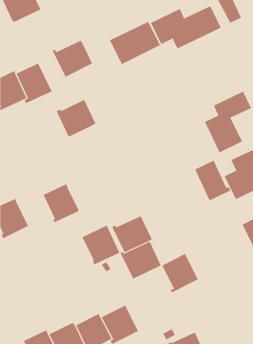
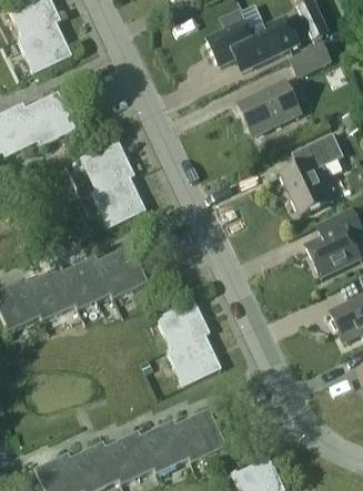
building: [109,21,161,65] -> [235,75,305,134]
building: none -> [290,43,333,78]
building: [52,40,93,78] -> [13,22,69,73]
building: none -> [90,177,142,226]
building: [194,160,231,201] -> none
building: none -> [26,265,75,319]
building: [82,225,120,265] -> [94,244,147,298]
building: [162,253,199,293] -> [174,407,224,461]

